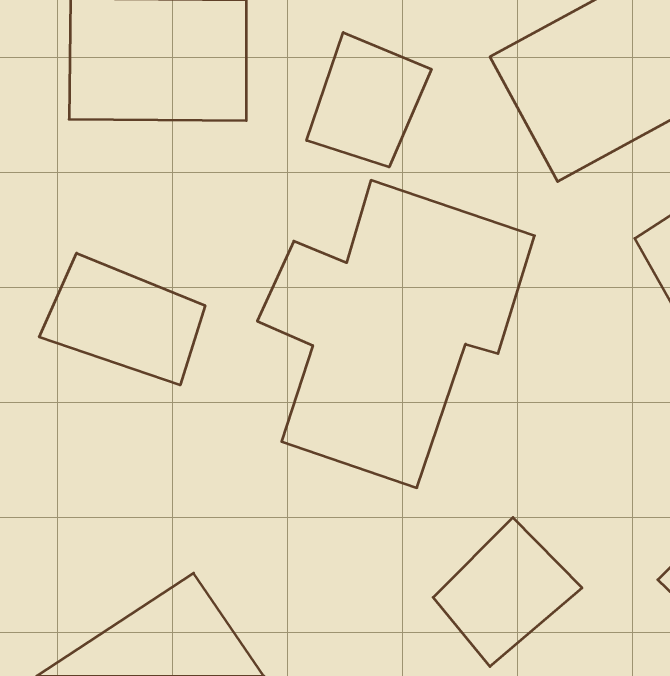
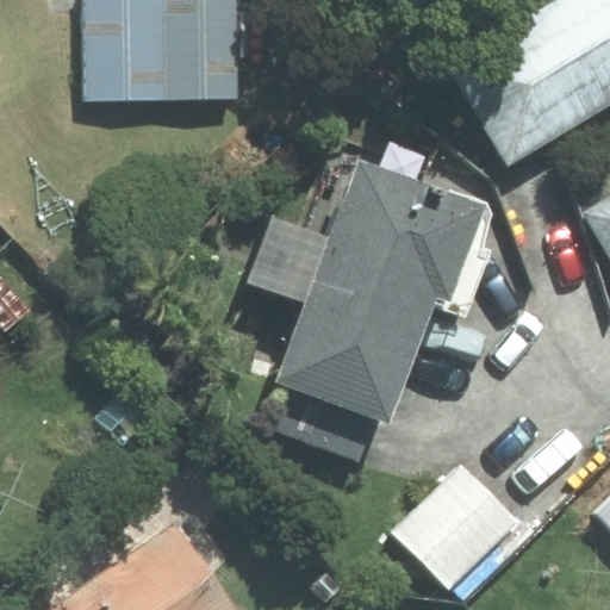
building: [307,32,431,167] -> none
building: [39,253,205,385] -> none

